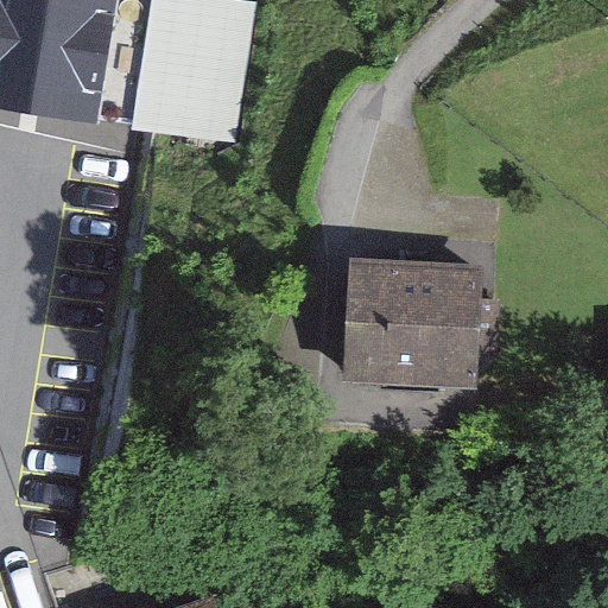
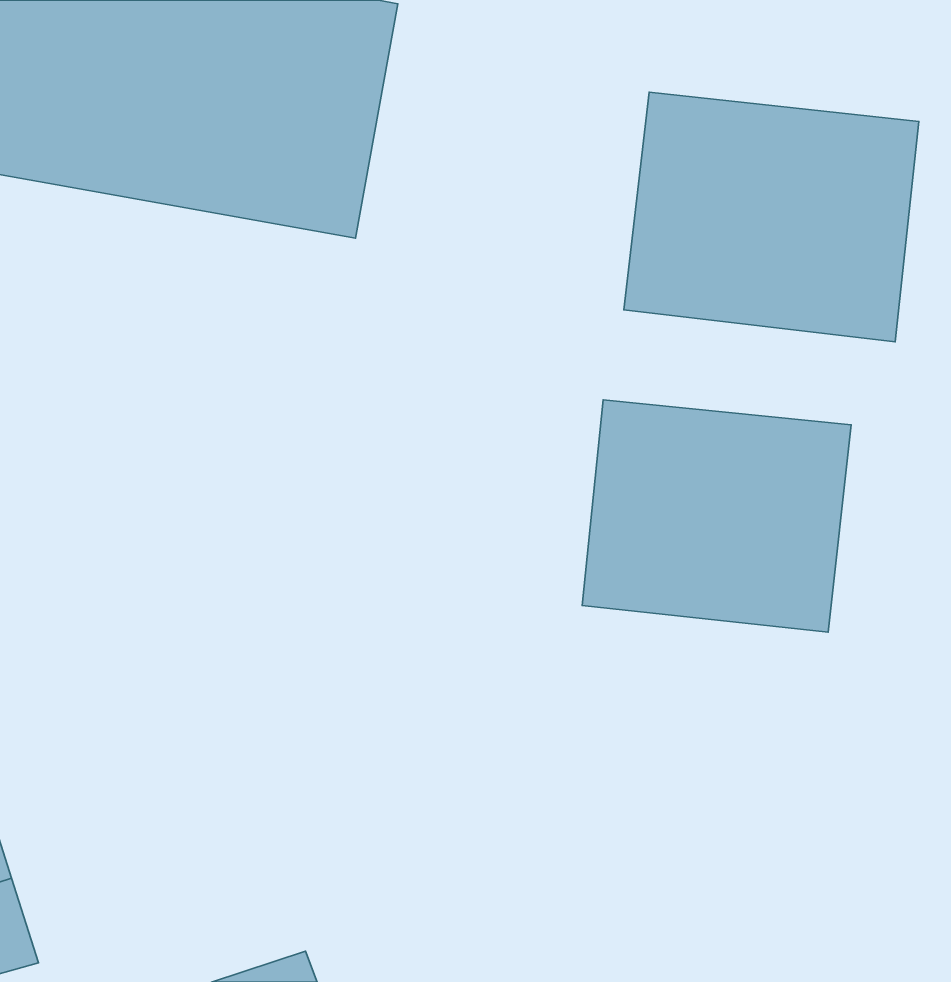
building: none -> [624,92,919,342]

